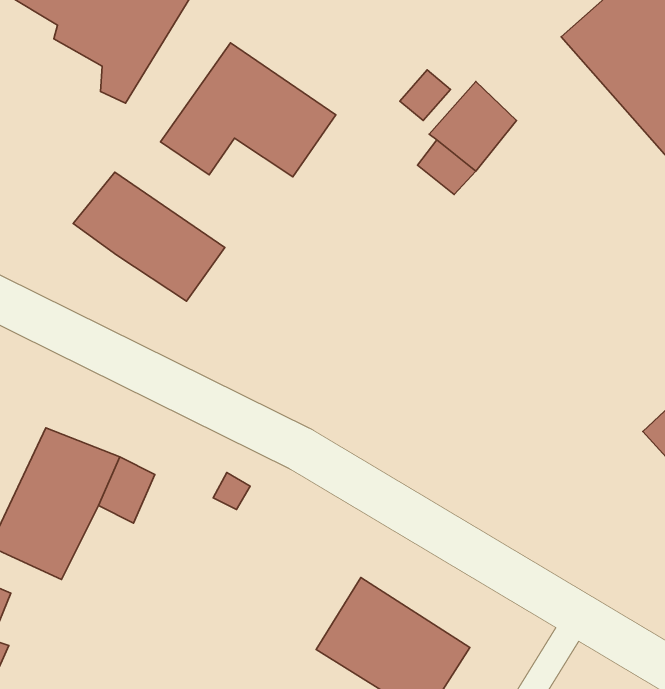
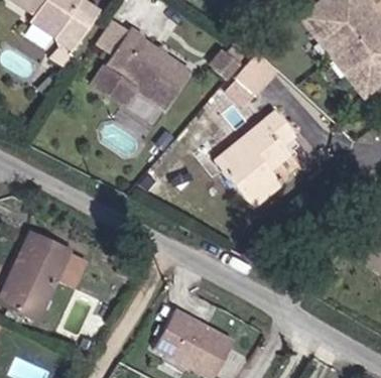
building: [73,172,225,301] -> none
building: none -> [208,113,290,213]

